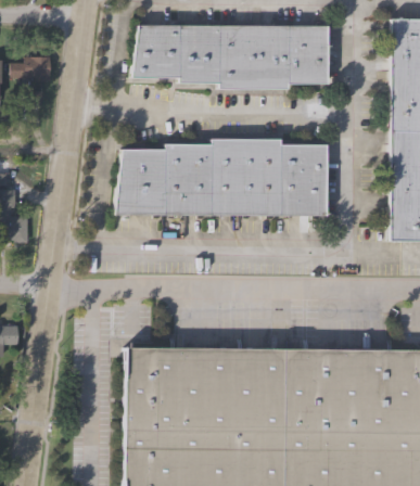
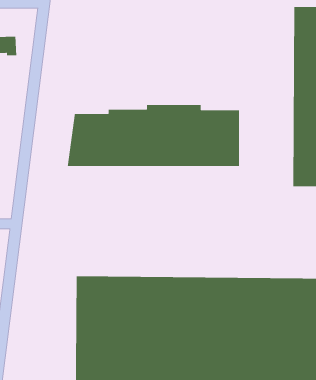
building: [132,27,328,89] -> none

